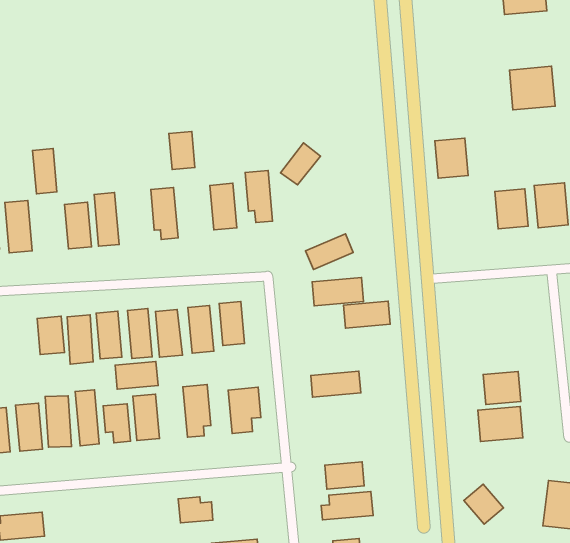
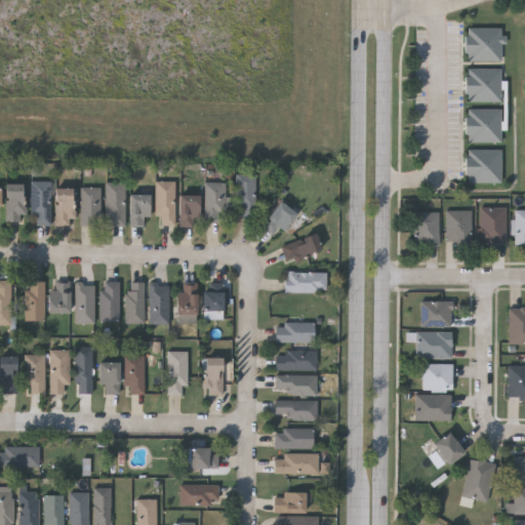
building: none -> [468,67,502,102]
building: none -> [469,148,502,181]
building: [169,131,195,170] -> [180,195,200,226]
building: [435,138,468,178] -> [413,211,439,243]
building: [281,143,320,185] -> [261,201,296,236]
building: [33,149,57,194] -> [56,188,74,225]
building: none -> [130,194,150,227]
building: none -> [420,300,452,326]
building: [344,301,390,328] -> [277,322,315,341]
building: none -> [26,281,45,320]
building: none -> [417,331,452,357]
building: [115,361,158,389] -> none
building: none -> [276,374,318,394]
building: none -> [276,399,318,419]
building: [464,484,503,524] -> [432,431,465,465]
building: [178,497,213,523] -> [191,447,218,468]

